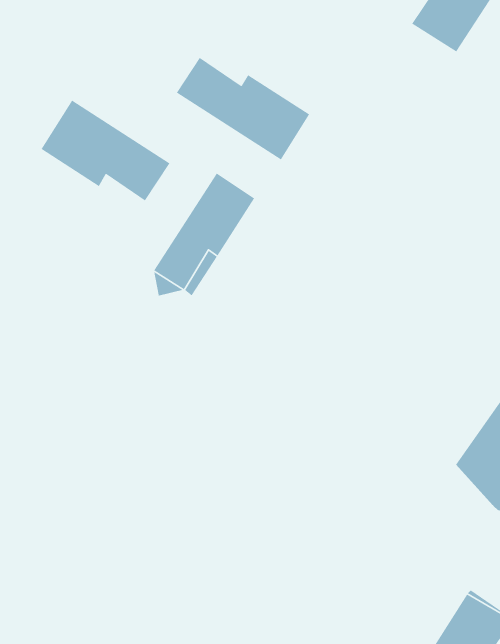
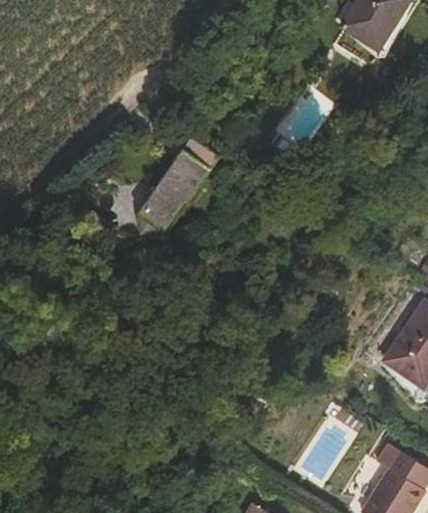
building: [176,57,310,161] -> none
building: [41,99,171,202] -> none

